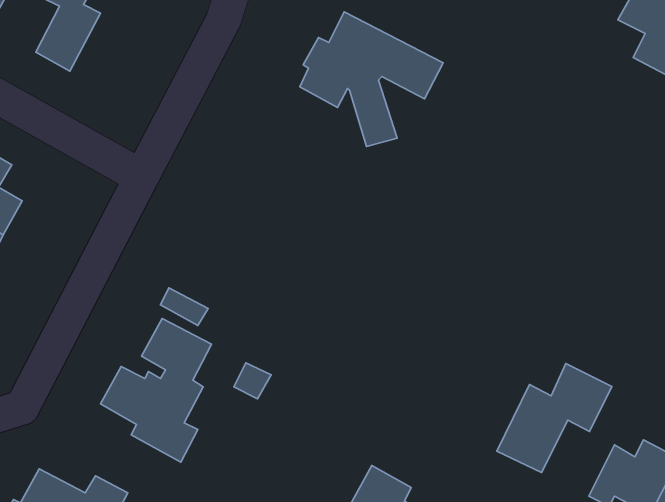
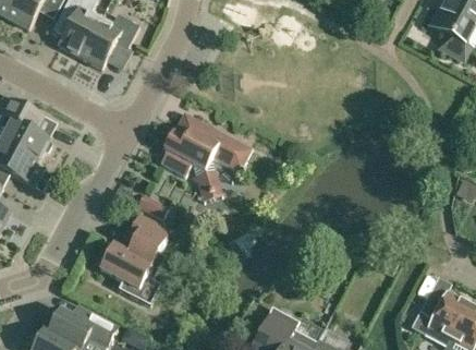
building: none -> [80,16,138,69]
building: [300,12,443,147] -> [160,116,252,202]
building: [497,364,612,473] -> none

